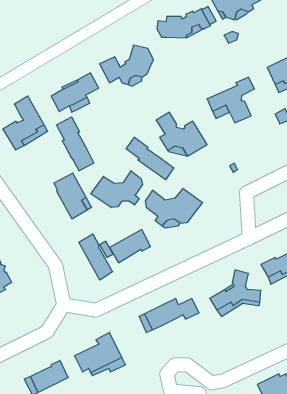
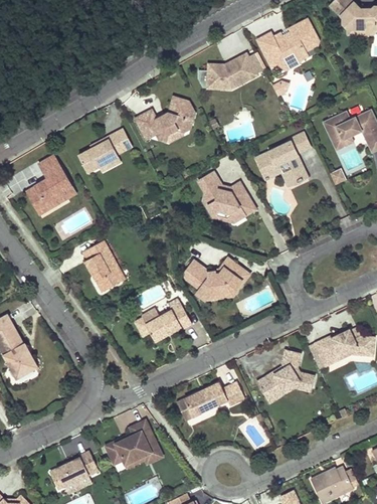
building: [57,117,94,171] -> none
building: [126,137,174,180] -> none
building: [91,171,142,208] -> none
building: [79,234,113,280] -> none

